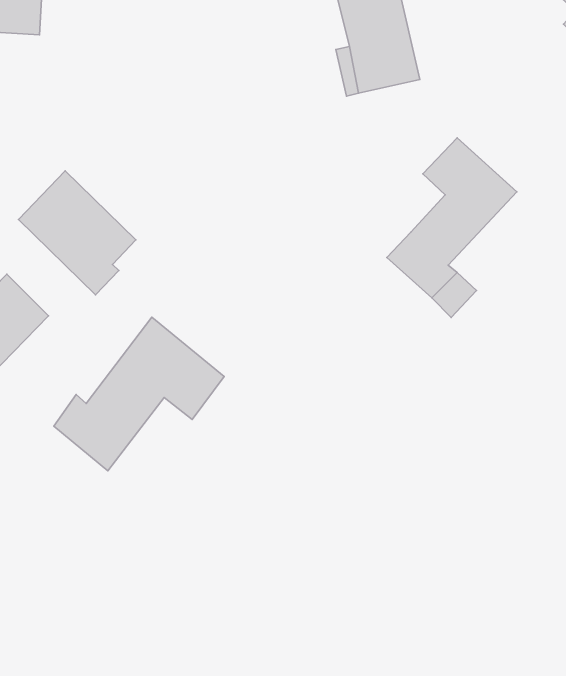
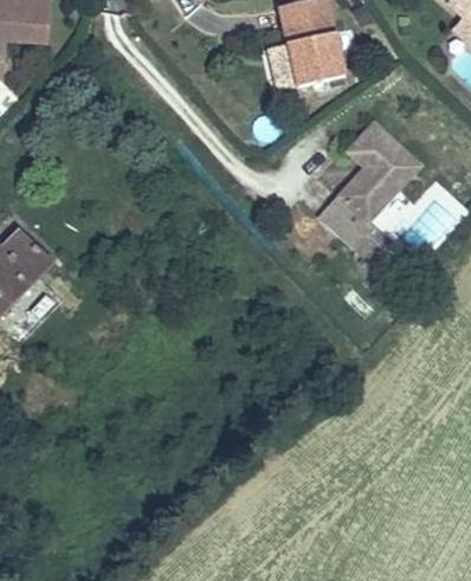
building: [18,171,136,295] -> none
building: [54,317,224,471] -> none

